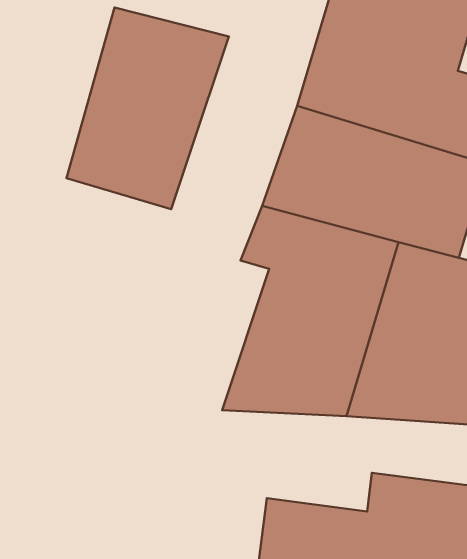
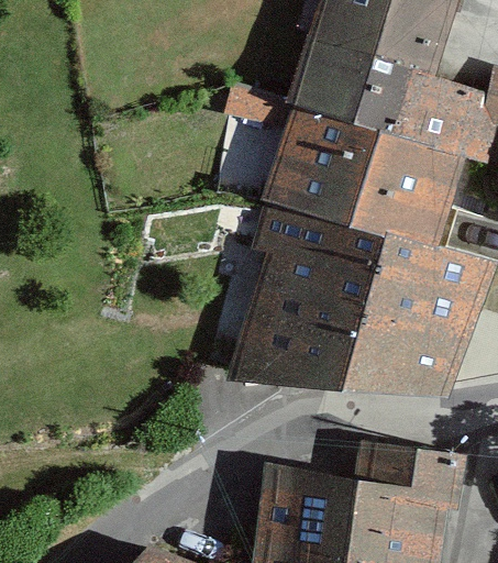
building: [66,8,229,209] -> none

